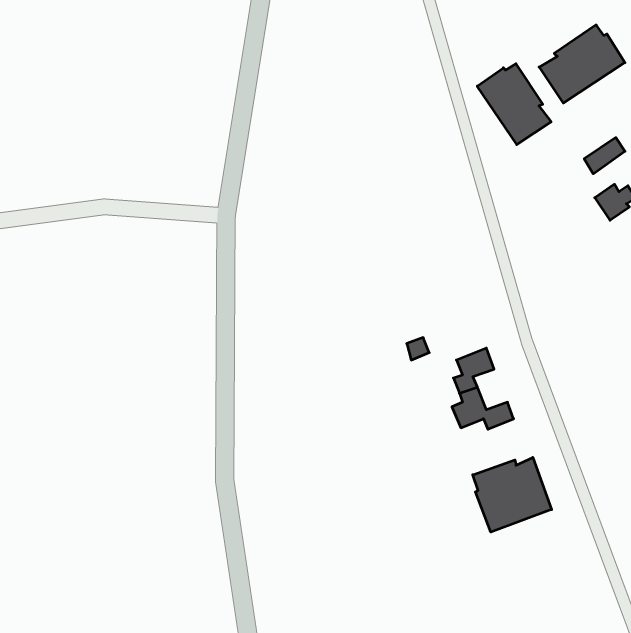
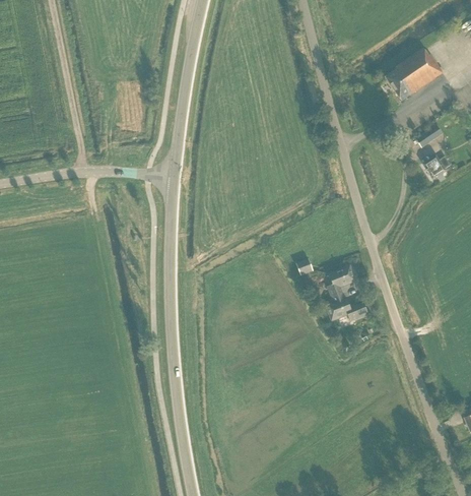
building: [477,64,551,145] -> none
building: [473,457,552,532] -> none

